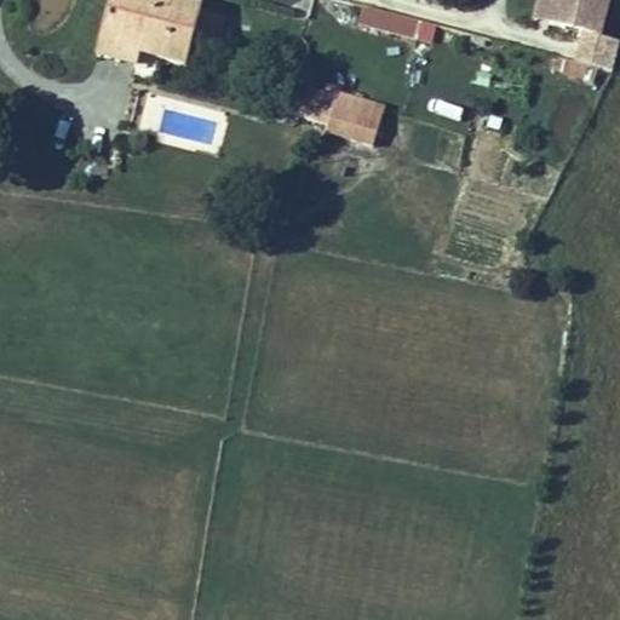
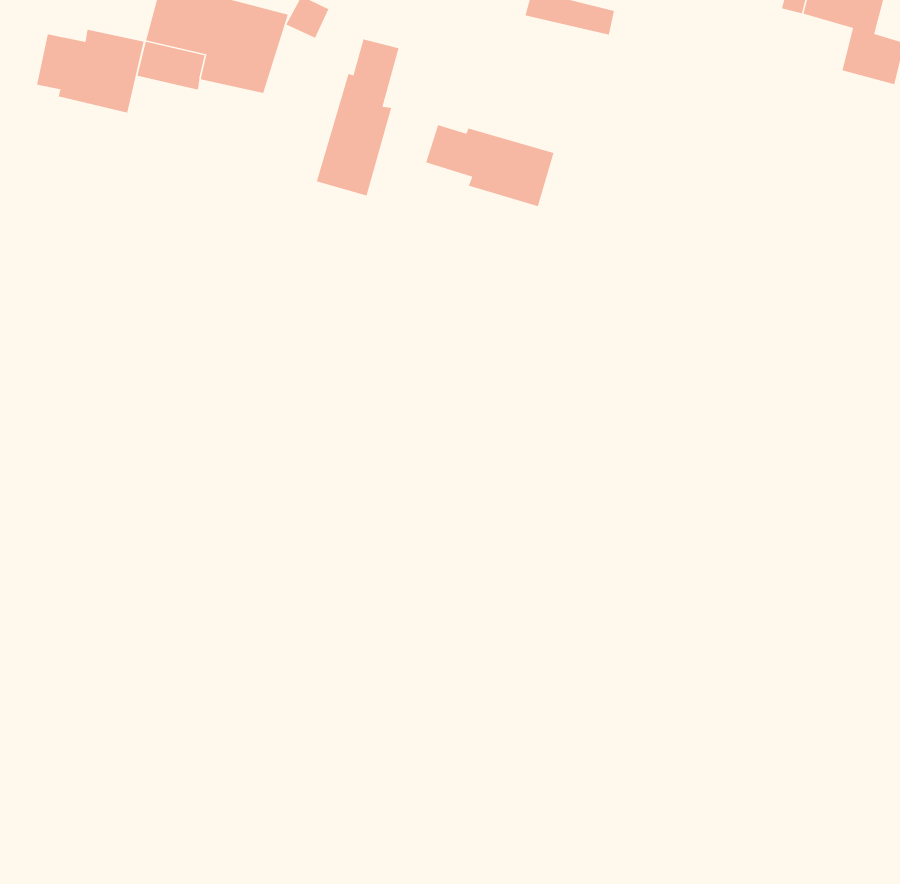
building: none -> [36,29,144,113]
building: none -> [316,38,400,197]

